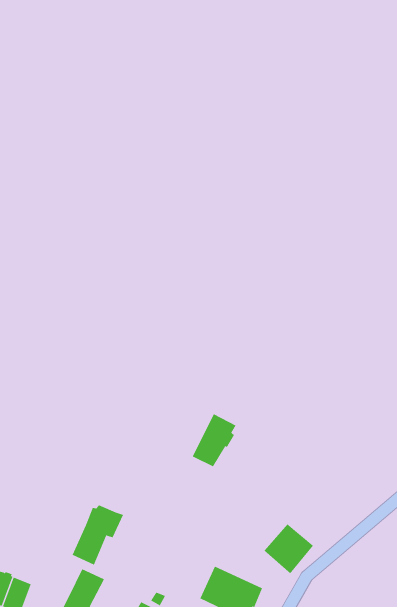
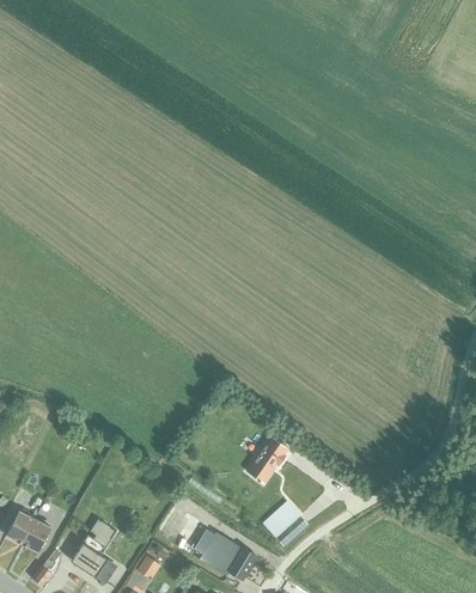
building: [192,414,236,467] -> [245,434,288,482]
building: [72,504,124,566] -> none

